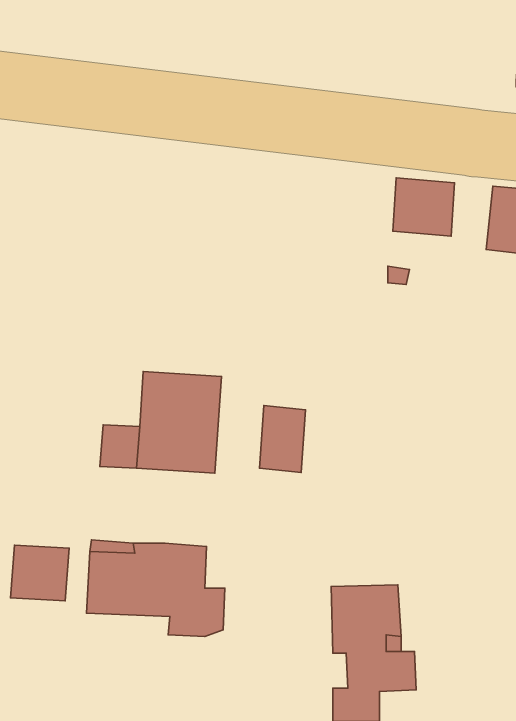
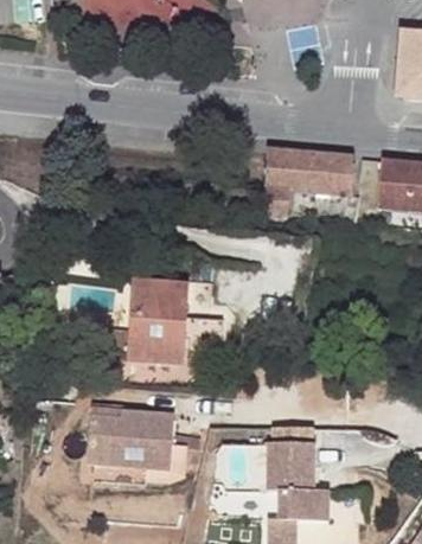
building: none -> [264,147,313,211]
building: [260,406,305,472] -> none
building: [11,545,69,601] -> none

